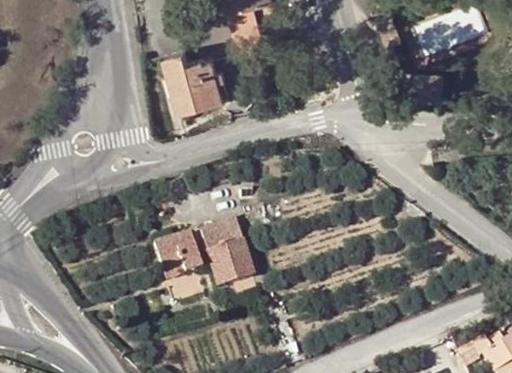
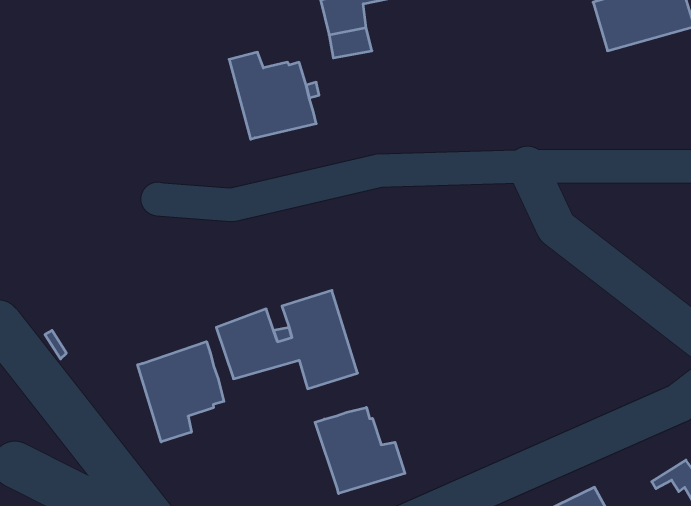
building: none -> [138,342,224,442]
building: none -> [315,407,405,494]

